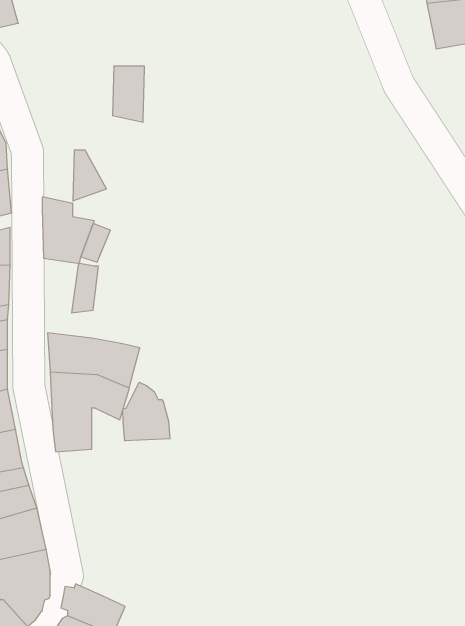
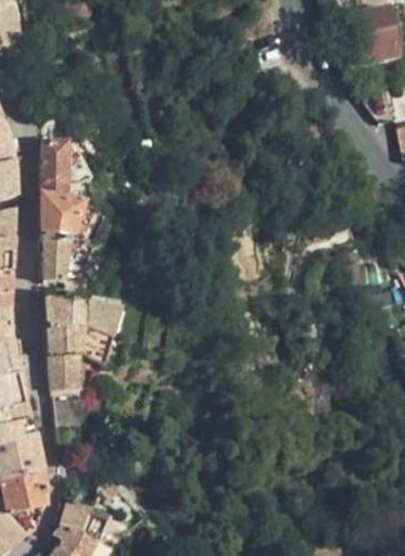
building: [112,66,144,122] -> [41,143,67,189]
building: none -> [42,233,72,281]
building: [123,382,170,441] -> none

